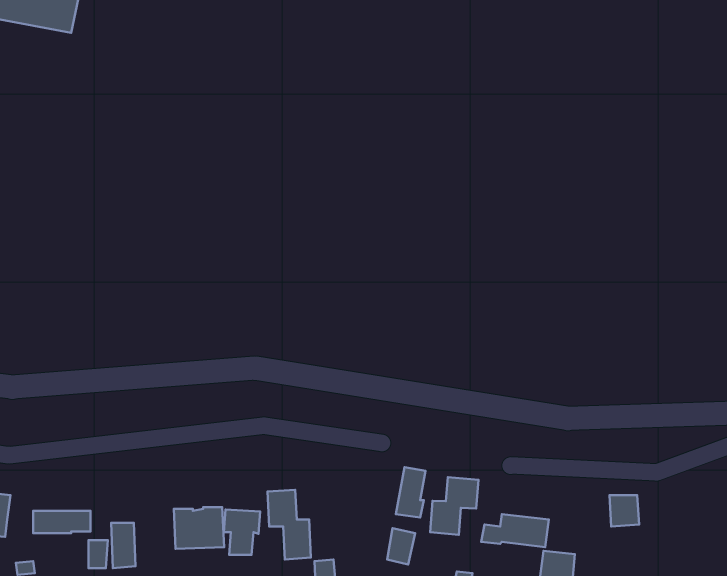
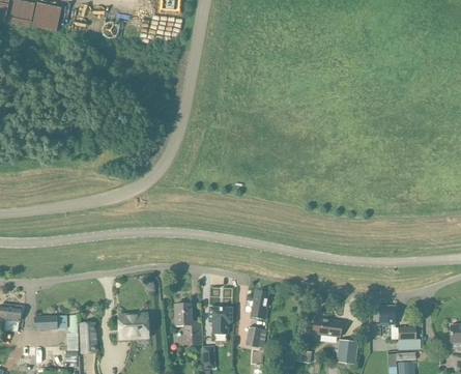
building: [430,477,478,535] -> none
building: [224,510,260,555] -> [209,307,231,334]
building: none -> [398,325,420,349]

